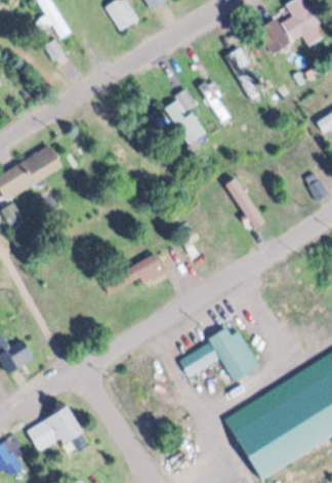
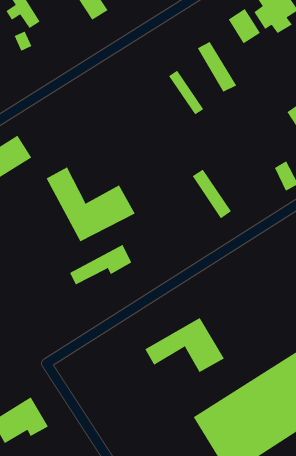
building: [164,97,205,146] -> none
building: none -> [46,166,135,242]

